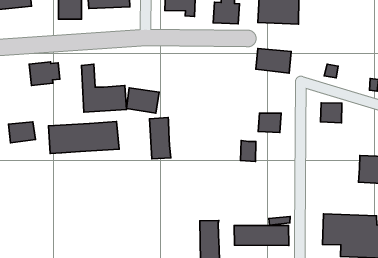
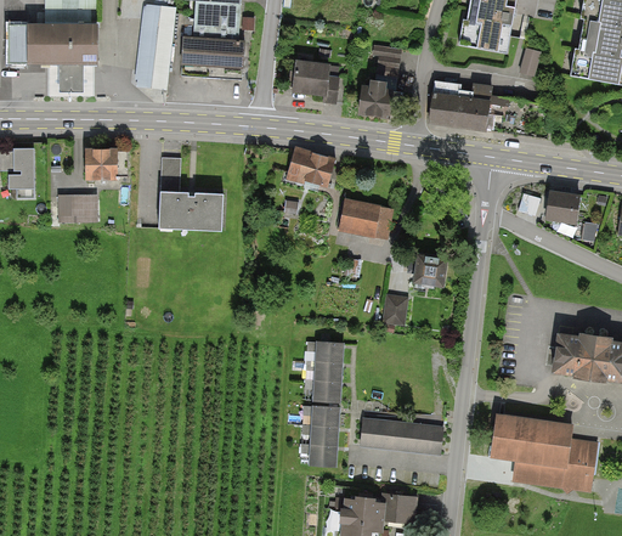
building: none -> [58,63,83,91]
building: [256,48,291,73] -> [339,198,394,239]
building: [126,88,159,113] -> [290,147,341,188]
building: [321,103,342,123] -> [545,191,579,224]
building: [149,118,171,159] -> [312,342,343,402]
building: [49,122,119,153] -> none
building: [8,122,36,143] -> [58,194,96,222]

